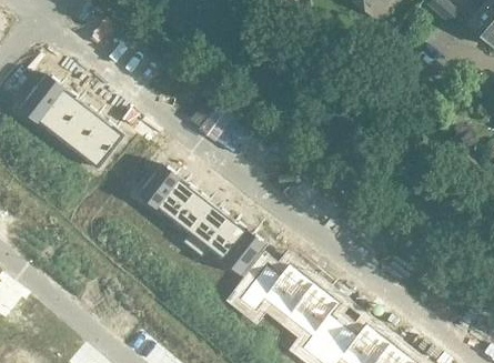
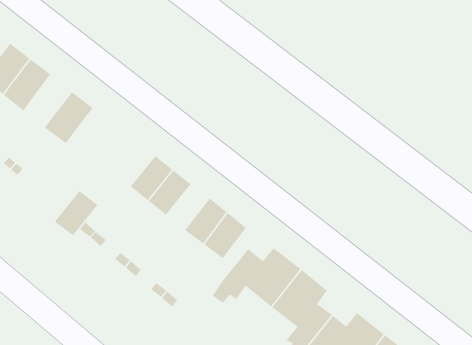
building: [59,103,103,152] -> none
building: [139,164,180,206] -> [54,190,98,236]
building: [183,204,230,255] -> none

